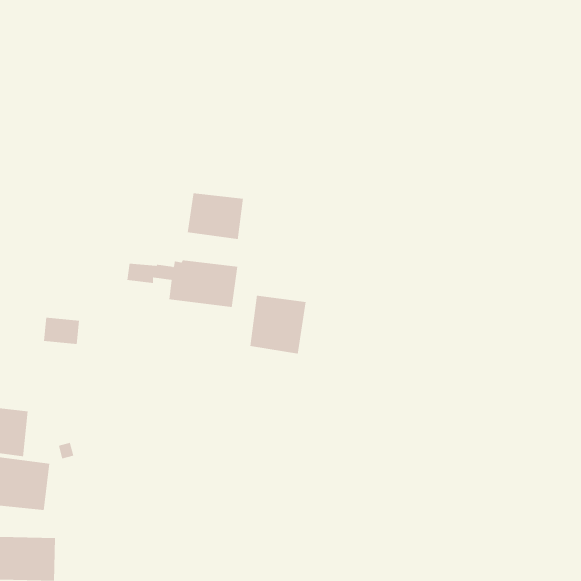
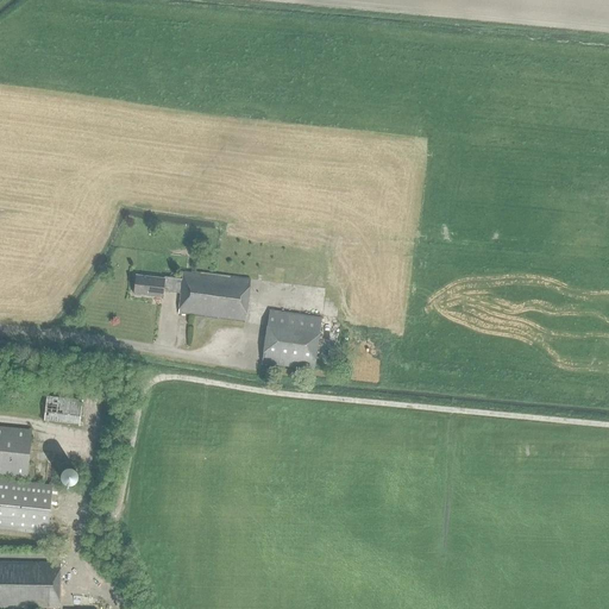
building: [187,192,243,240] -> none
building: [43,317,80,345] -> [44,393,82,421]

